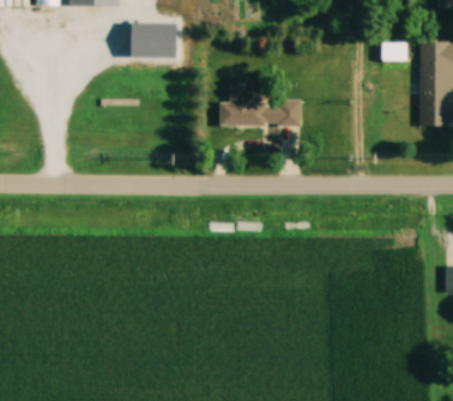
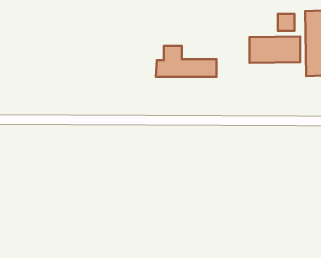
building: none -> [249,36,300,63]

